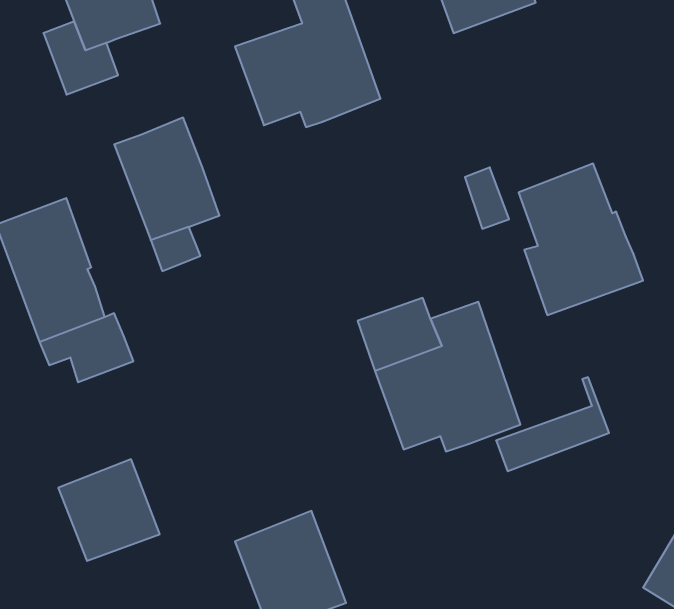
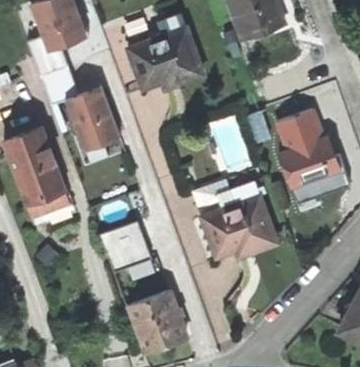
building: none -> [40,63,79,104]
building: [496,377,609,471] -> [291,155,350,204]
building: [58,459,160,561] -> [99,221,152,274]

